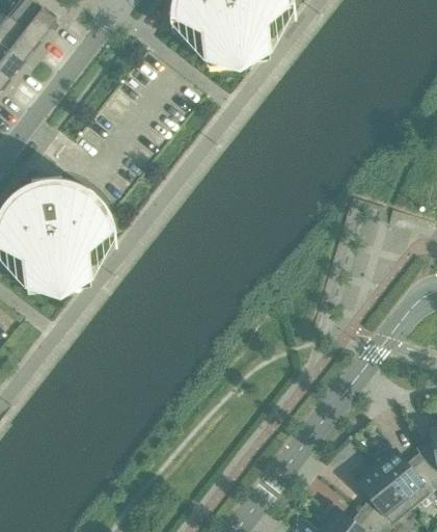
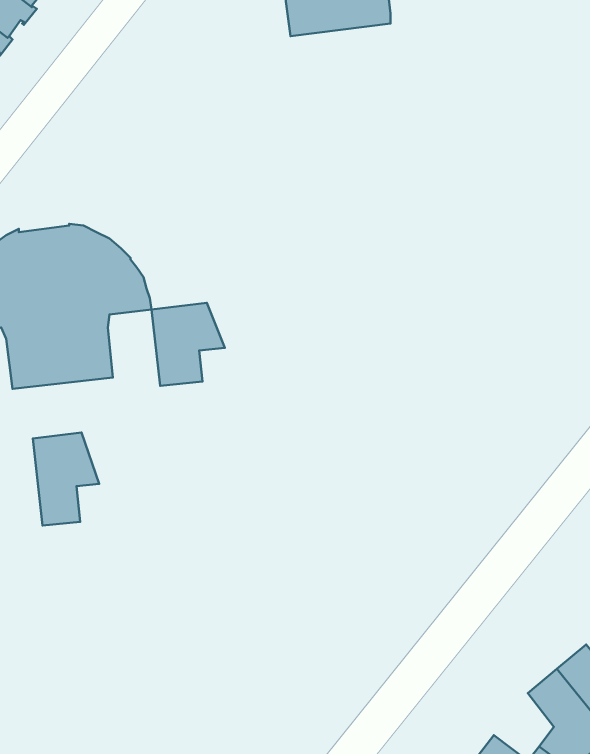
building: none -> [151,303,225,386]
building: none -> [33,432,99,525]

